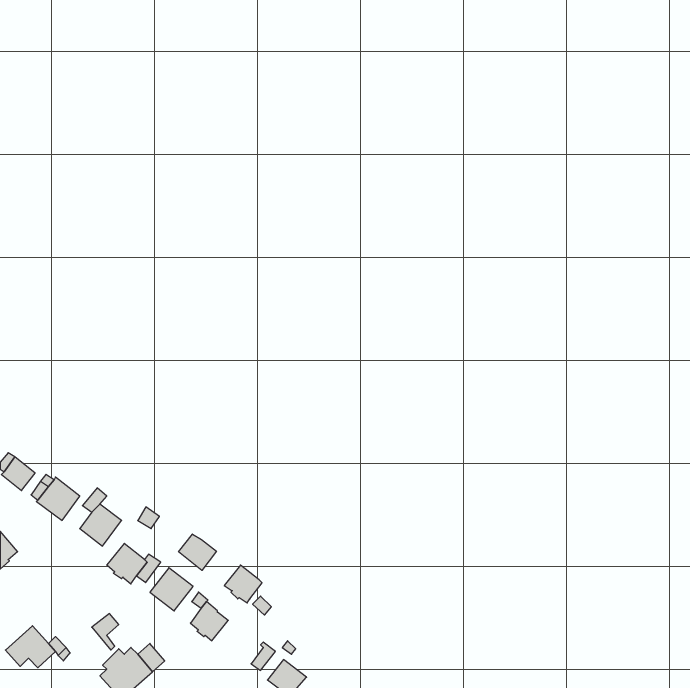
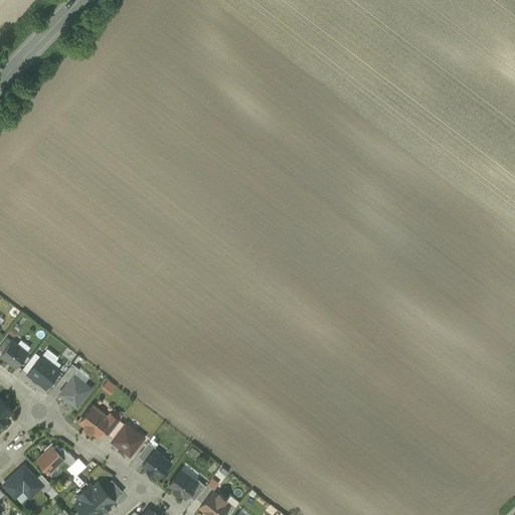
building: [179,534,216,570] -> none
building: [224,565,262,603] -> [168,471,196,499]
building: none -> [36,447,63,474]

